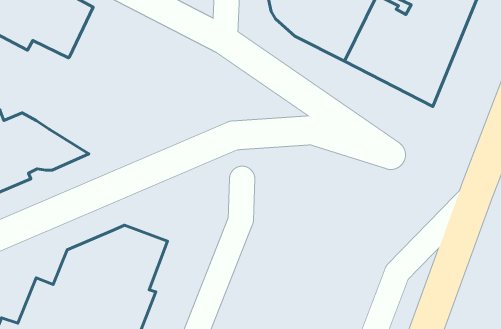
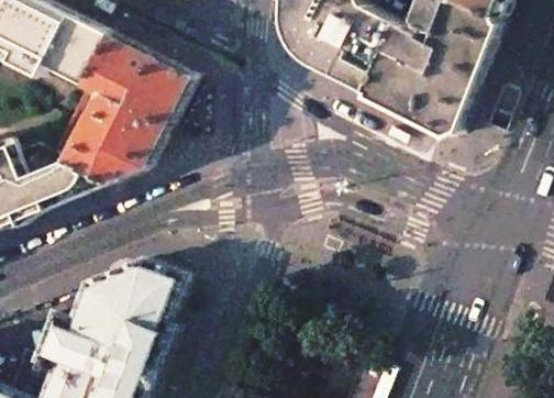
building: none -> [57,33,186,183]

